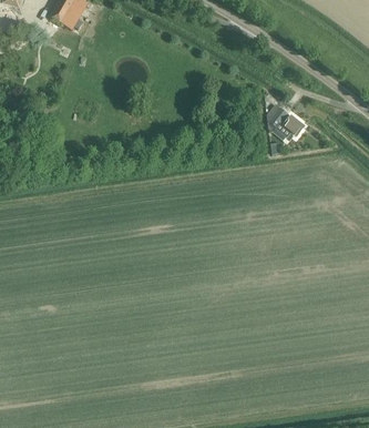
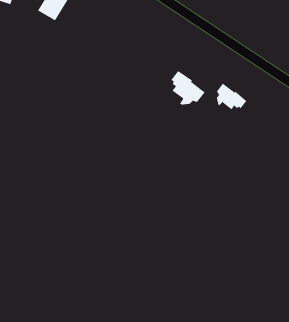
building: none -> [170,70,205,105]

